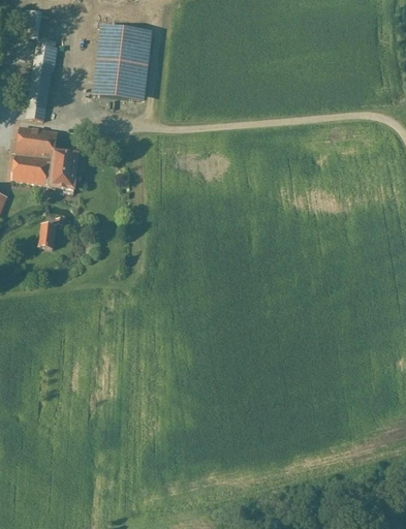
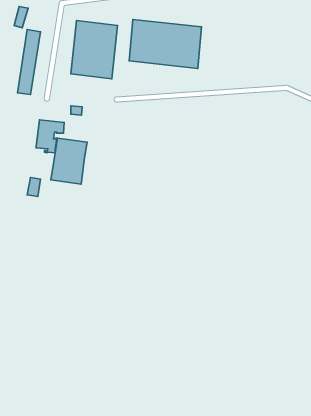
building: none -> [129,20,202,68]
building: [10,126,56,184] -> [51,138,87,184]

